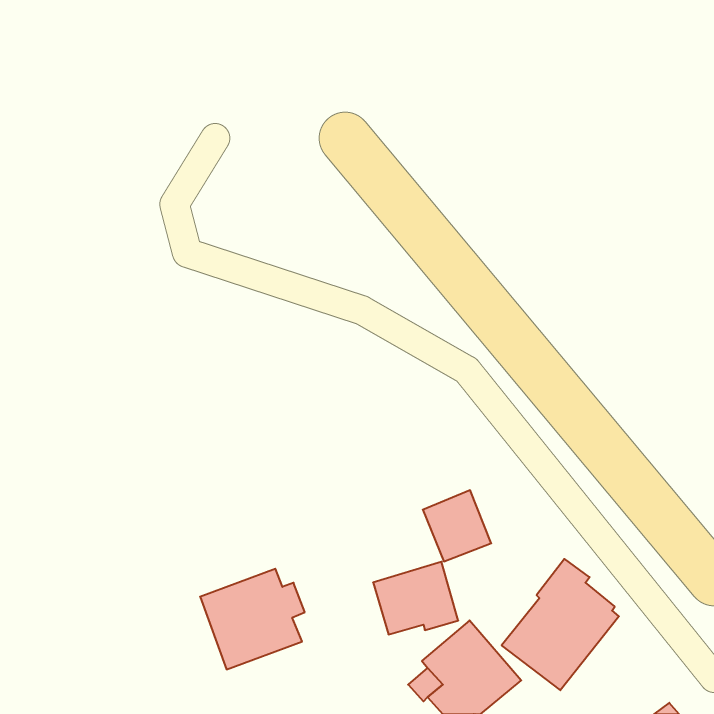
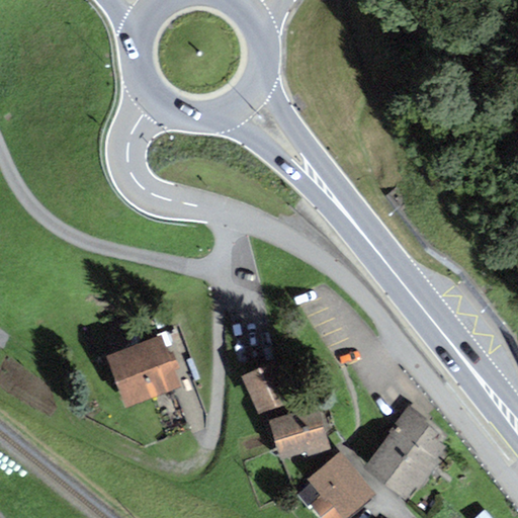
building: [423,490,491,561] -> [241,362,290,414]
building: [200,569,305,669] -> [106,334,182,407]

